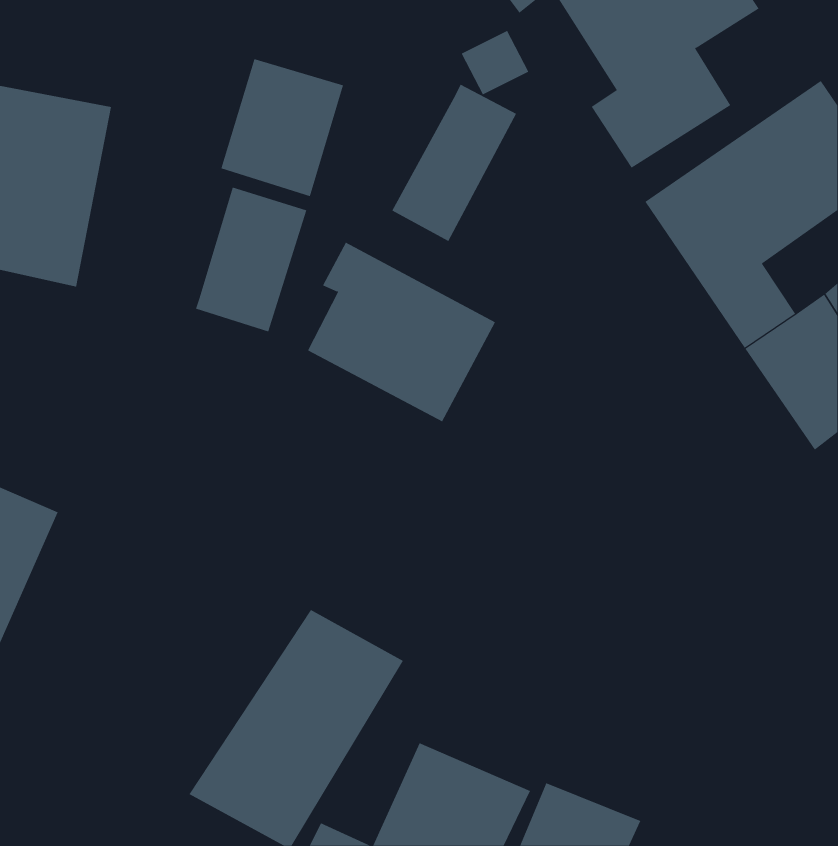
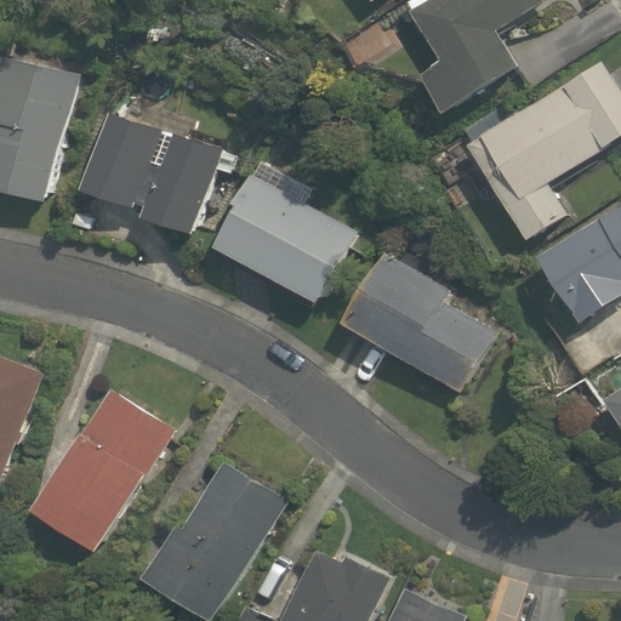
building: [220,58,344,197] -> [79,116,169,217]
building: [391,84,517,242] -> none
building: none -> [347,258,496,397]
building: none -> [30,383,170,545]

